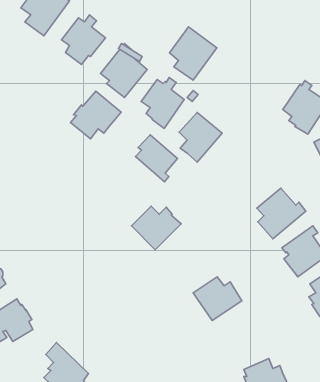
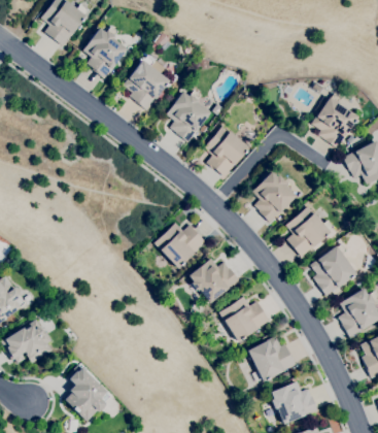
building: [170,27,217,80] -> none
building: [71,91,121,139] -> none
building: [136,135,177,182] -> none
building: none -> [251,171,298,223]
building: none -> [190,258,241,303]
building: none -> [248,335,297,381]

